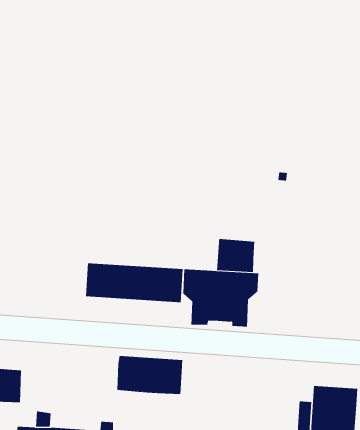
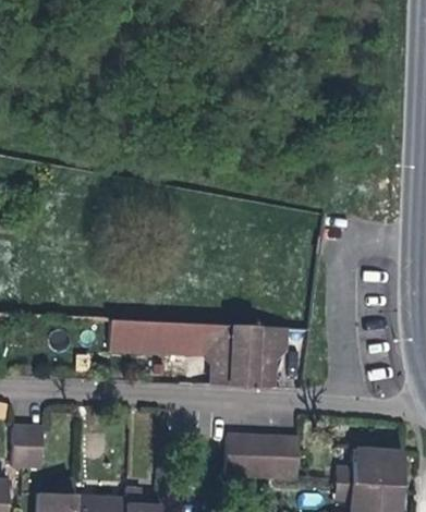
building: [217,238,255,273] -> none
building: [117,356,183,394] -> [221,435,292,476]

